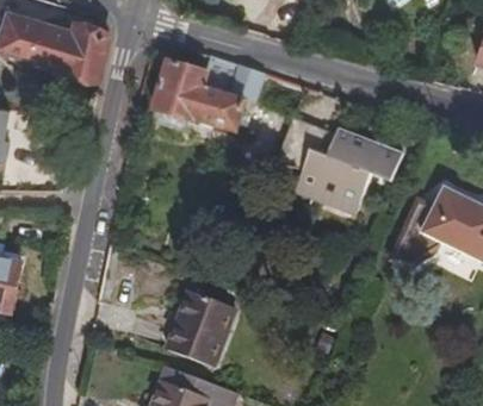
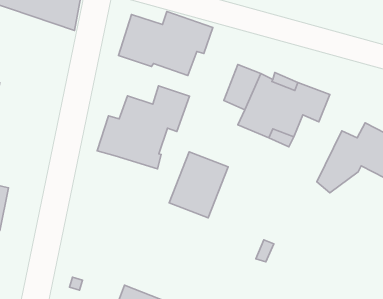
building: none -> [97,86,190,169]
building: [162,287,233,366] -> [169,152,228,218]

